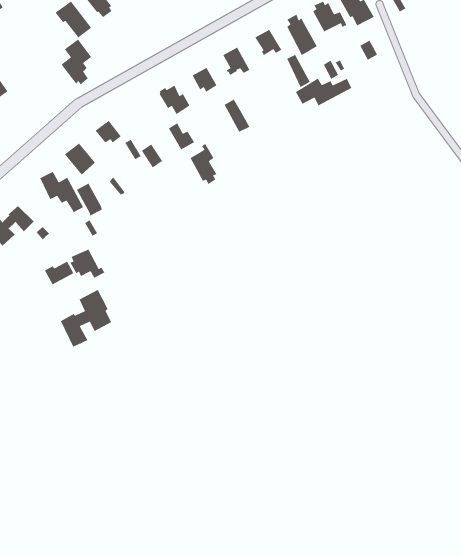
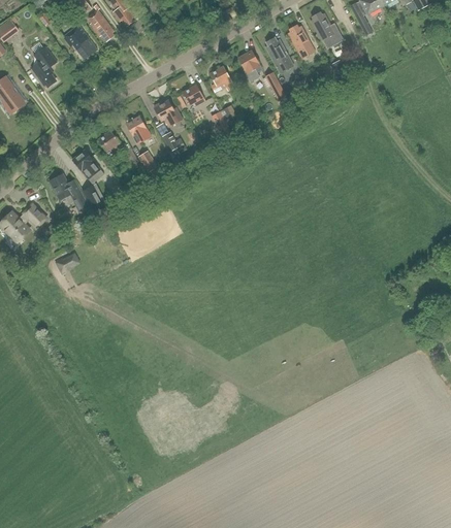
building: [60,38,92,86] -> [30,44,58,86]
building: [295,78,352,107] -> none
building: none -> [126,114,151,142]
building: [189,143,218,185] -> none
building: [69,248,105,279] -> none
building: [60,289,112,348] -> none

